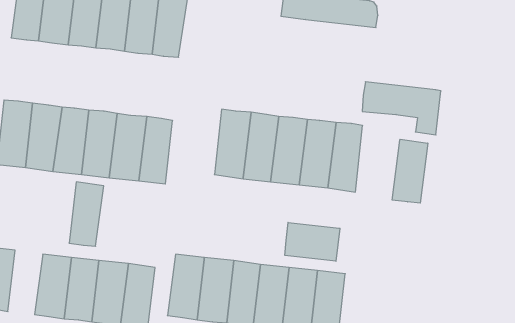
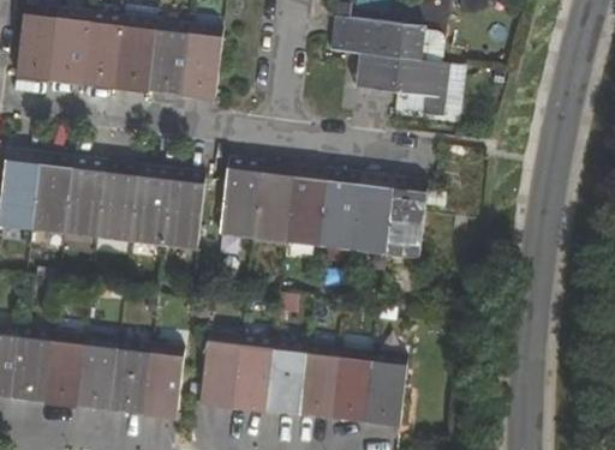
building: [362,82,441,135] -> [357,55,449,118]
building: none -> [219,157,262,238]
building: [392,139,428,203] -> none
building: [69,182,104,246] -> [11,326,52,402]
building: [285,222,340,261] -> none

